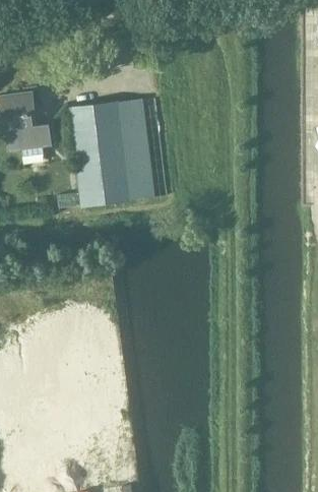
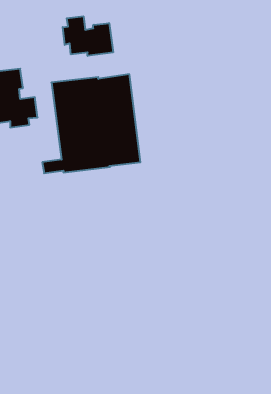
building: none -> [63,16,113,56]

